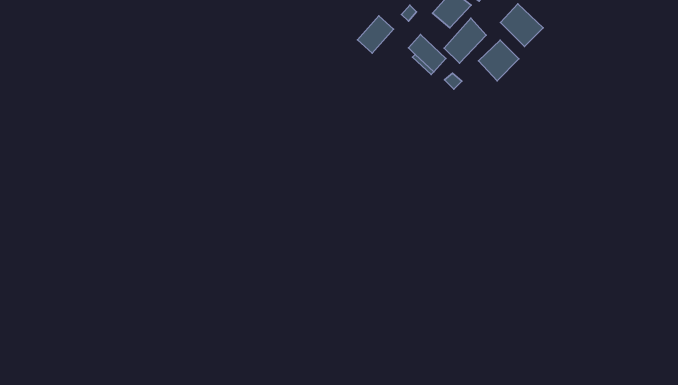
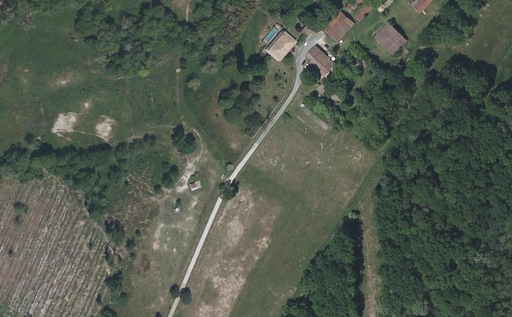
building: [444,18,486,63] -> none
building: [479,40,519,81] -> none

